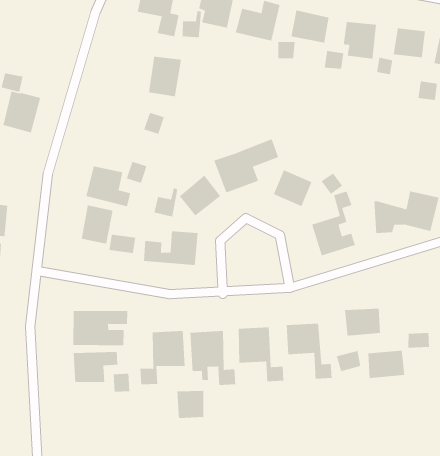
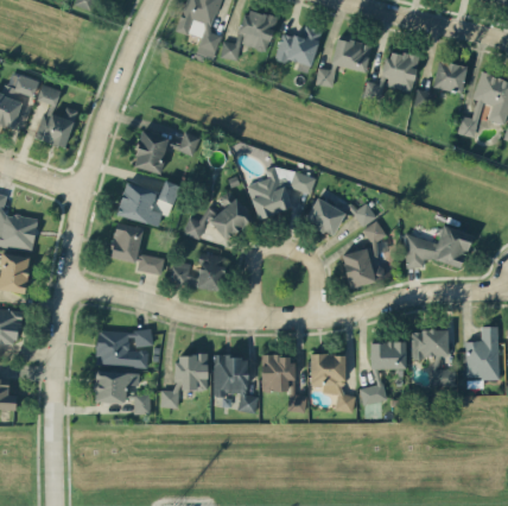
building: [148,56,182,97] -> [134,131,170,173]
building: [367,350,405,379] -> [412,330,449,358]
building: [177,390,204,419] -> none

